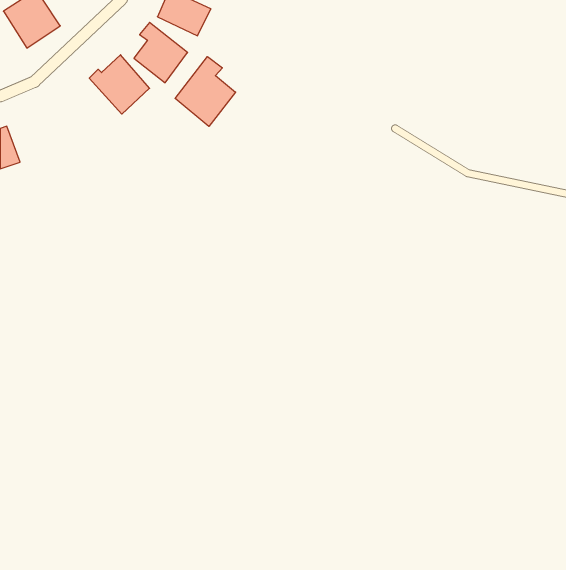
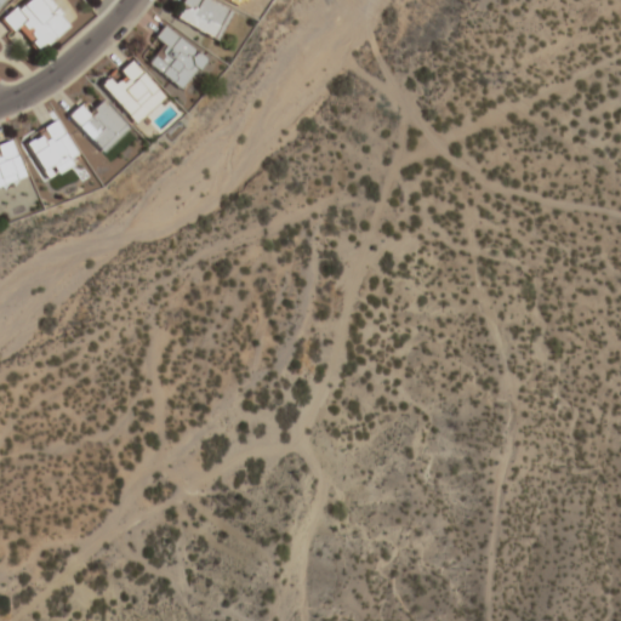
building: [175,57,236,126] -> none
building: none -> [70,99,131,153]
building: none -> [25,120,79,173]

